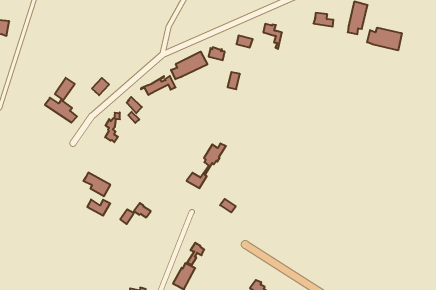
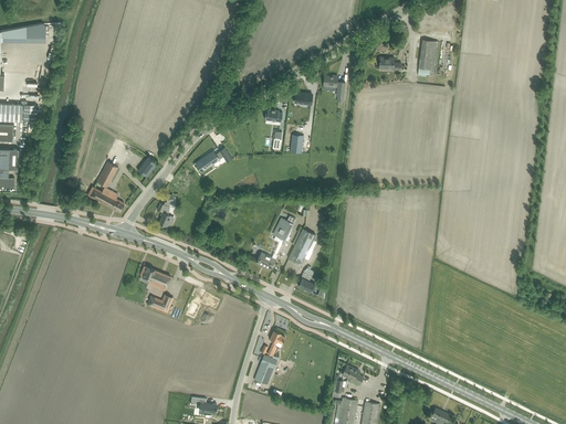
building: [367,28,402,50] -> none
building: [171,52,207,79] -> none
building: none -> [287,230,315,265]

